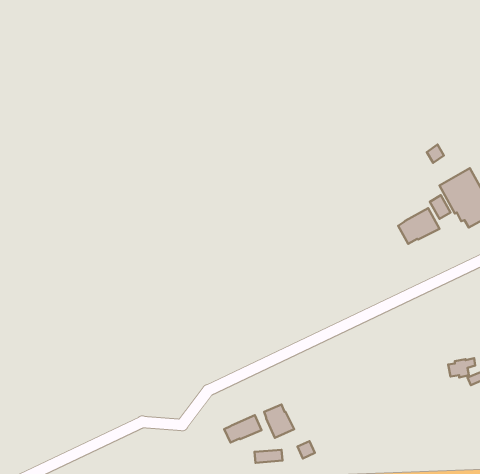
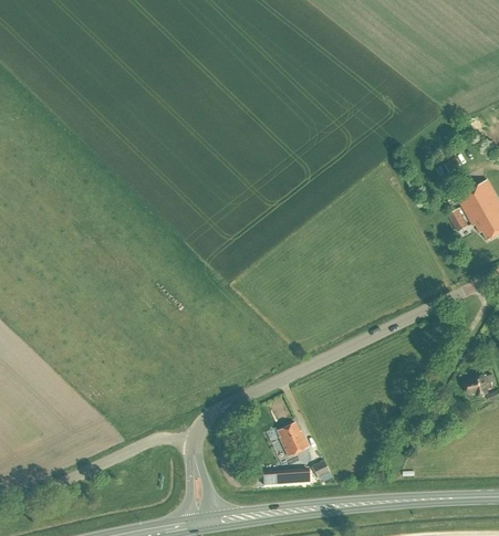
building: [398,208,440,244] -> none
building: [224,415,261,443] -> none

